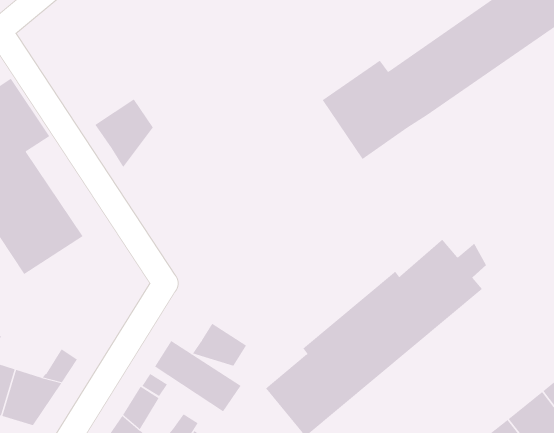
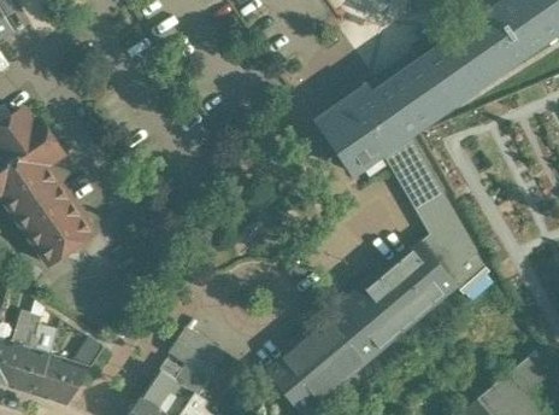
building: [95,98,153,168] -> none
building: none -> [390,135,476,265]
building: [192,323,247,366] -> none

